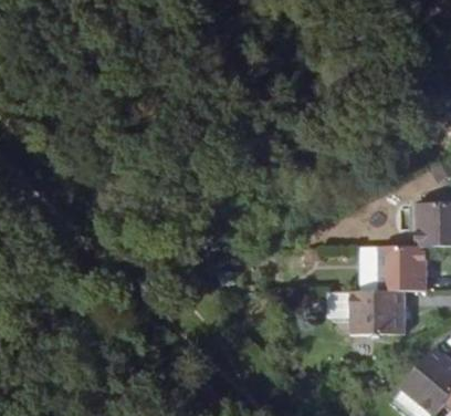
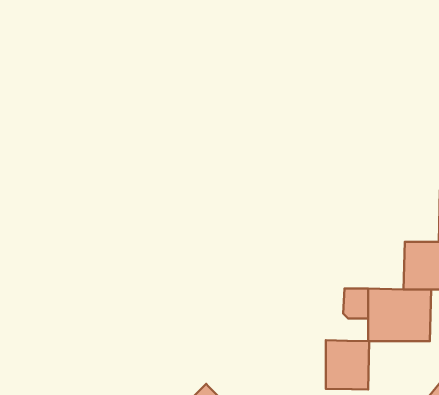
building: none -> [326,340,369,390]

